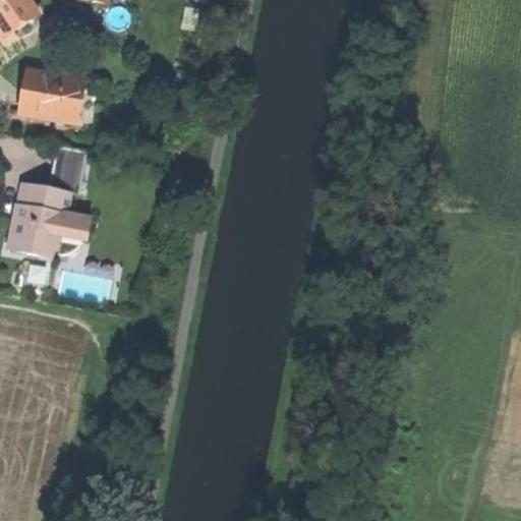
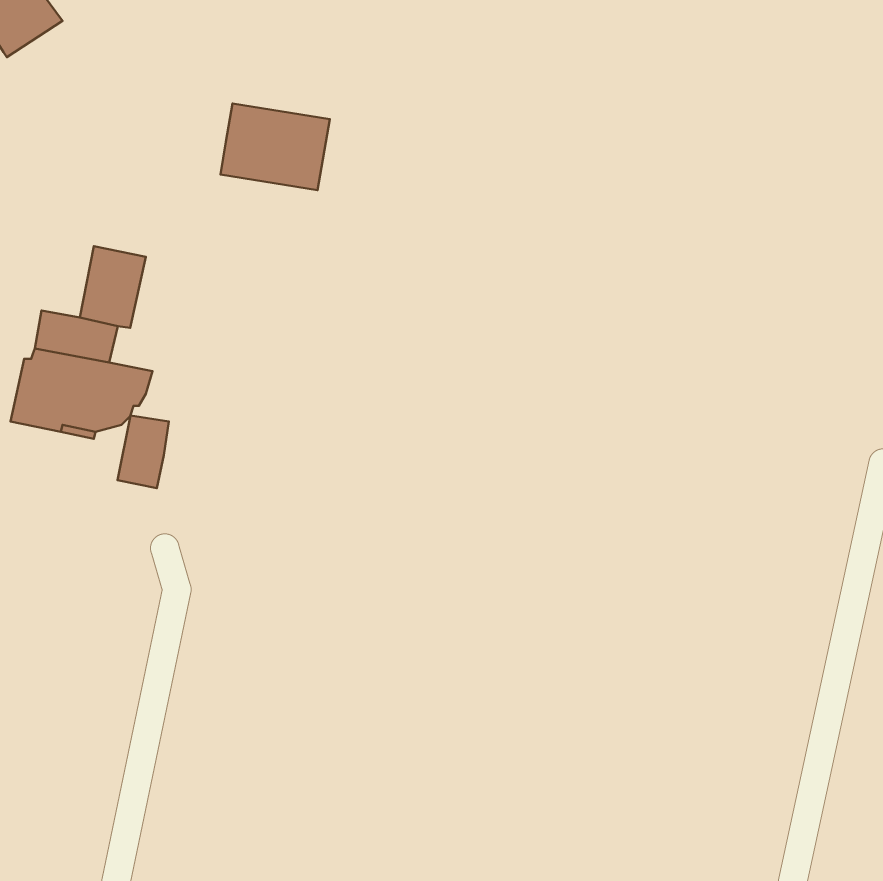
building: [18,69,82,120] -> [220,104,330,190]
building: none -> [117,415,169,488]

